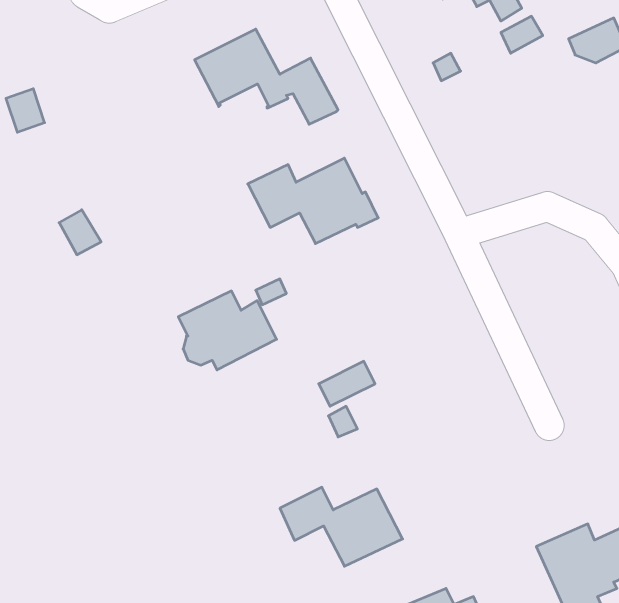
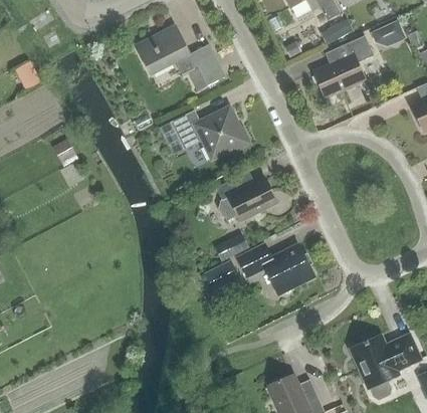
building: none -> [312,35,373,97]
building: [178,291,277,370] -> [215,172,276,221]
building: [280,487,403,566] -> [237,244,313,293]

